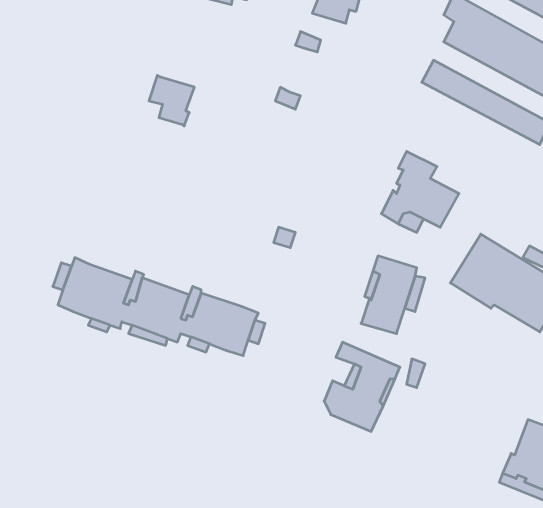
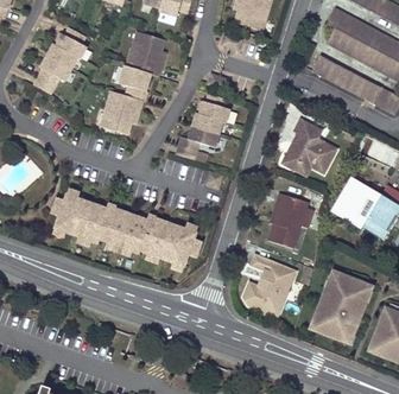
building: none -> [33,26,86,93]
building: none -> [126,31,164,75]
building: none -> [102,89,141,133]
building: none -> [175,91,228,158]
building: none -> [308,269,369,338]

